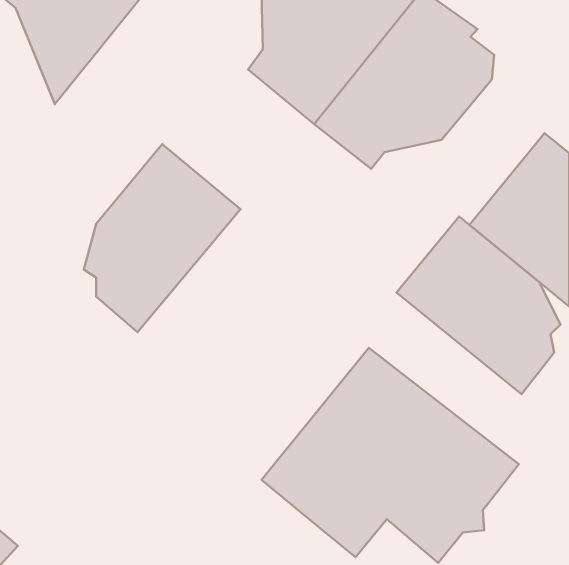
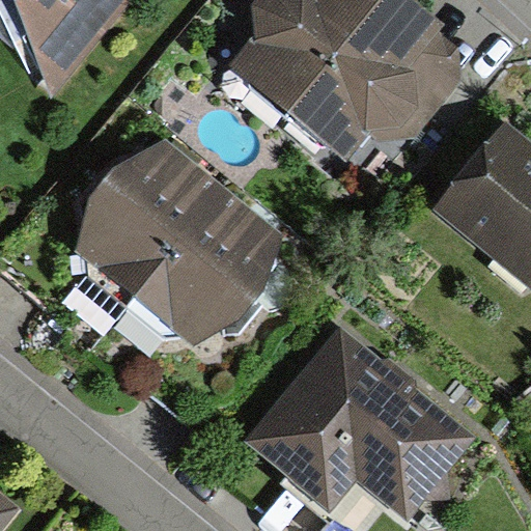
building: none -> [128,194,280,343]
building: [397,216,561,394] -> none

